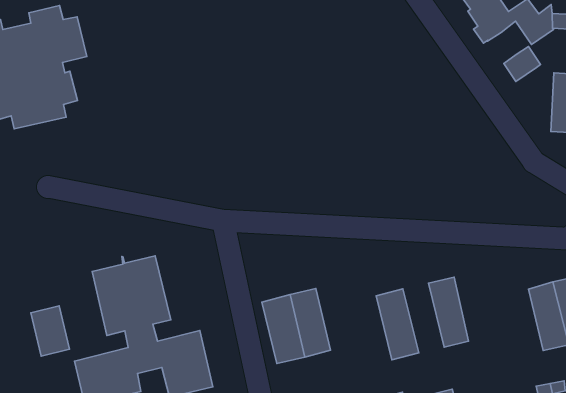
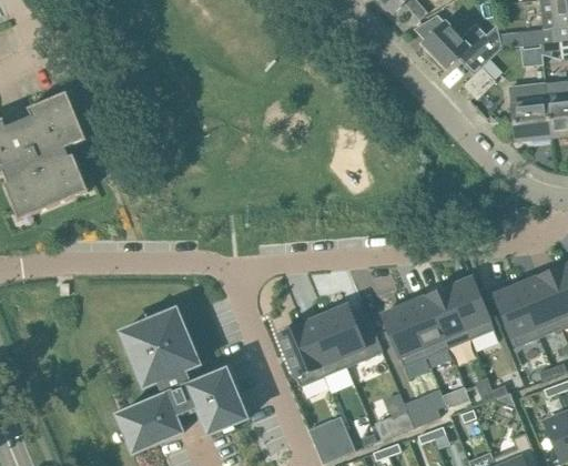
building: none -> [449,275,495,340]
building: none -> [326,304,384,367]
building: none -> [405,293,450,357]
building: none -> [494,284,540,347]
building: [31,306,69,356] -> none

